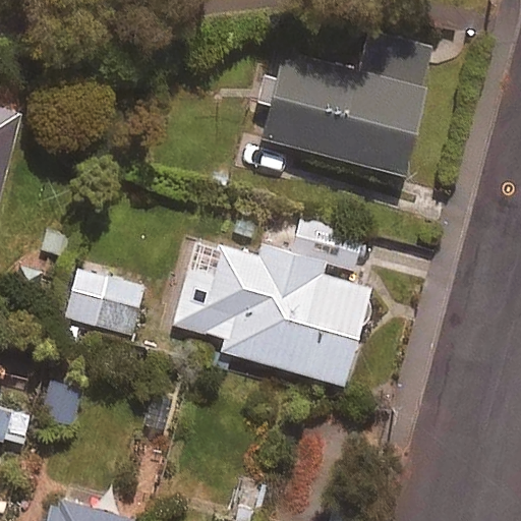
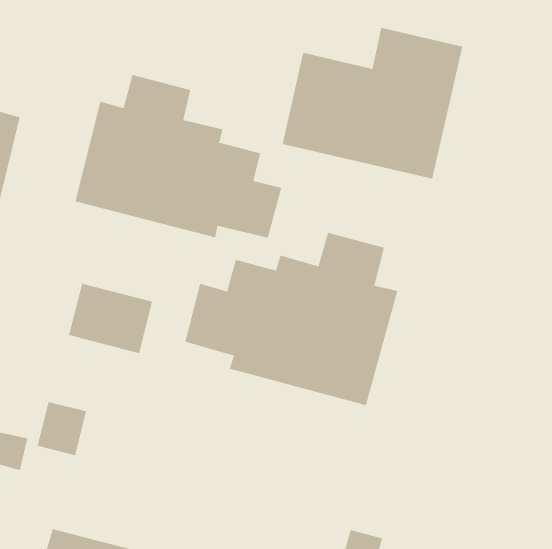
building: none -> [75,74,282,238]

